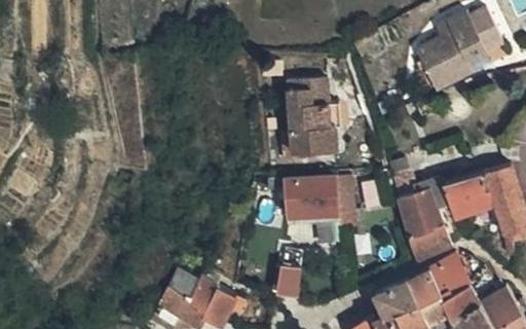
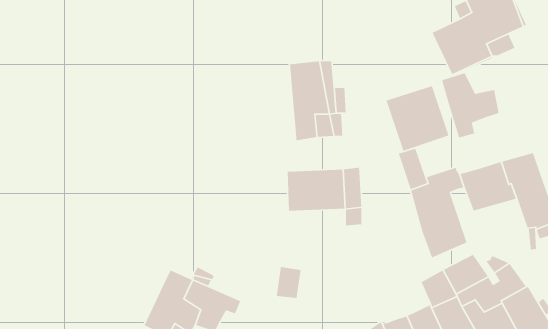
building: none -> [441,72,499,138]
building: none -> [386,85,449,152]
building: [374,282,416,317] -> none

